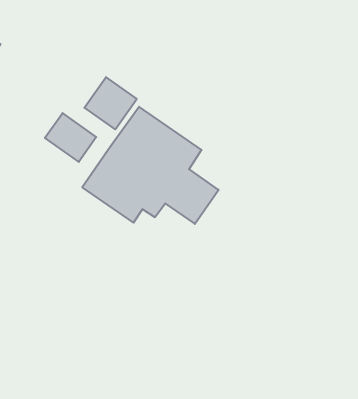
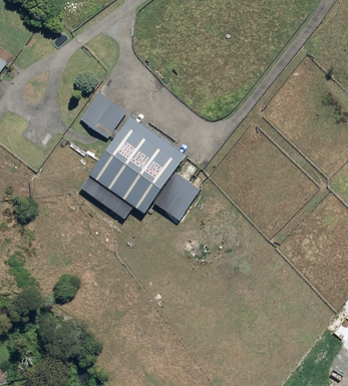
building: [45,113,96,162] -> none

